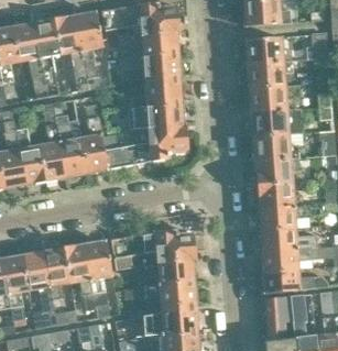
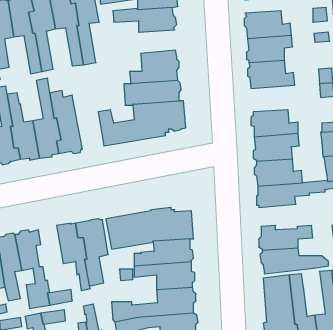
building: [118,55,182,78] -> none
building: [80,103,108,173] -> none
building: [251,109,302,135] -> none
building: [259,226,317,251] -> none
building: [42,246,68,300] -> none

